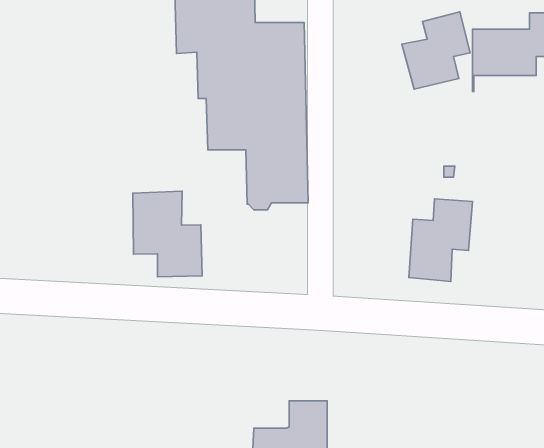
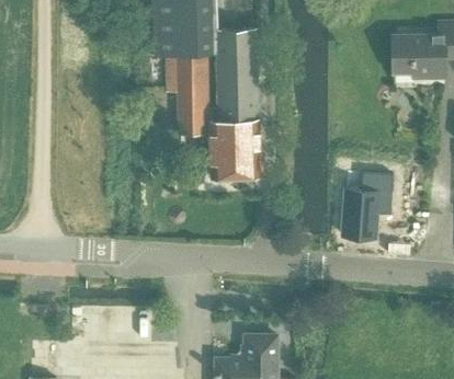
building: [402,12,470,89] -> none
building: [133,191,202,277] -> none

